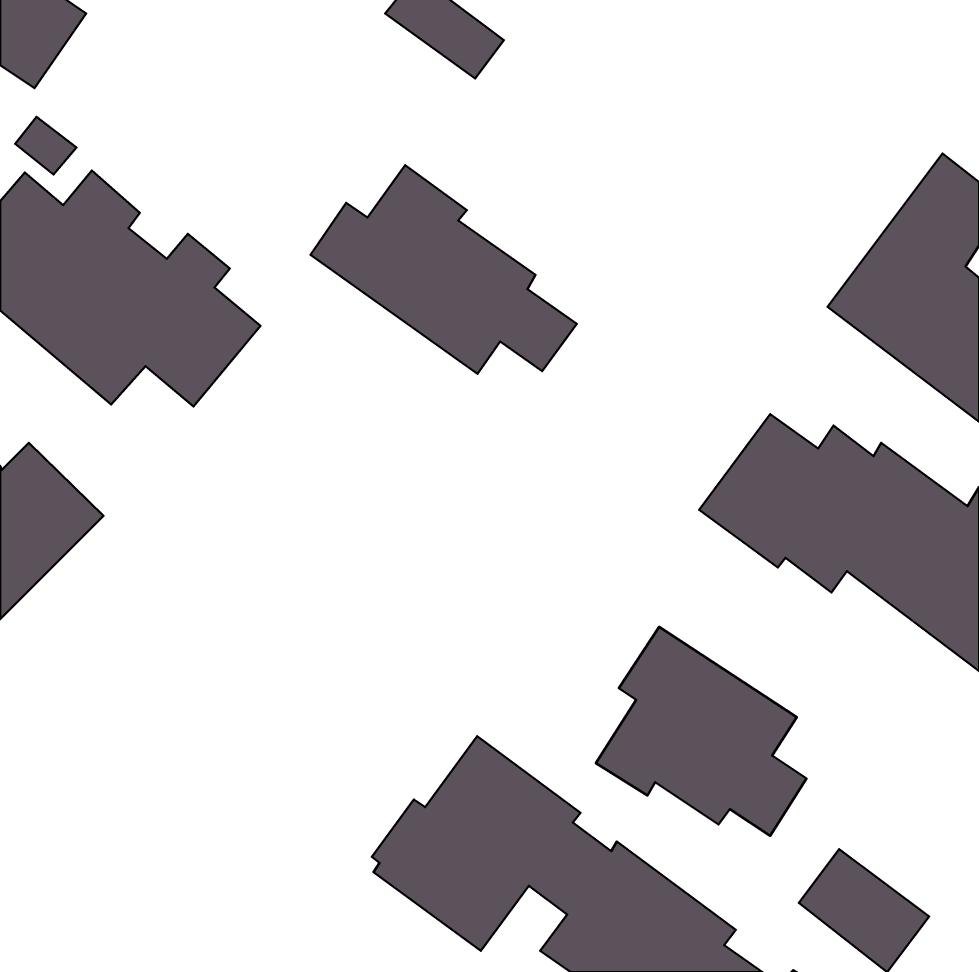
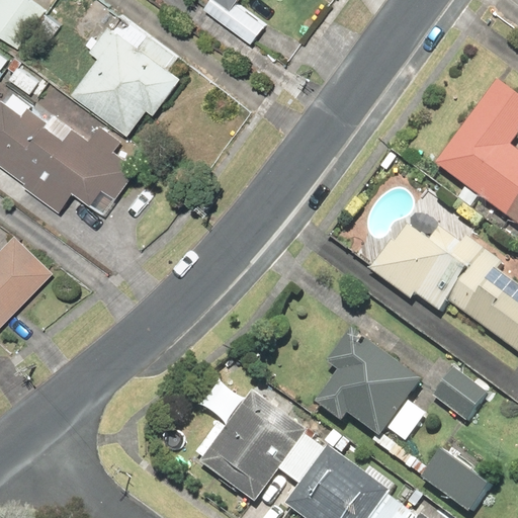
building: none -> [71,12,184,136]
building: [310,165,577,374] -> none
building: none -> [432,365,488,420]

